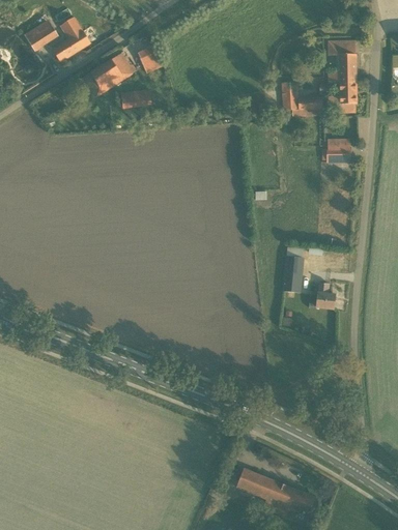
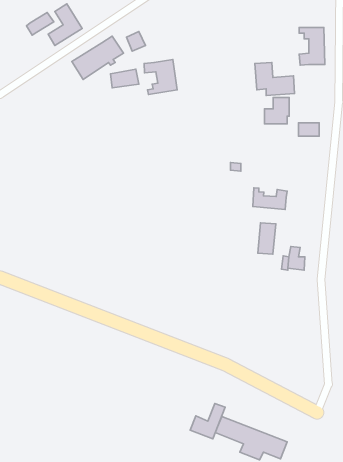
building: none -> [144,60,177,94]
building: [330,82,357,111] -> [265,97,289,124]
building: none -> [253,188,287,209]
building: none -> [190,404,225,439]

